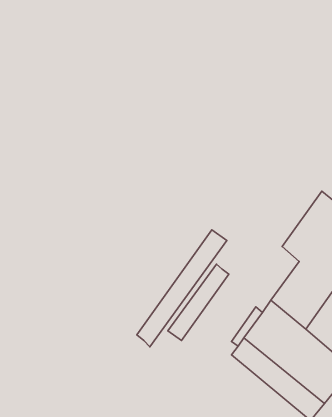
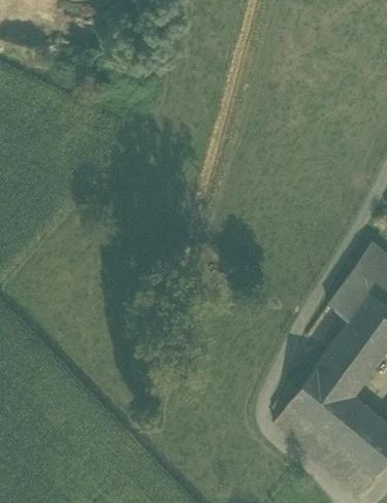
building: [137,230,227,347] -> none
building: [168,264,229,341] -> none

